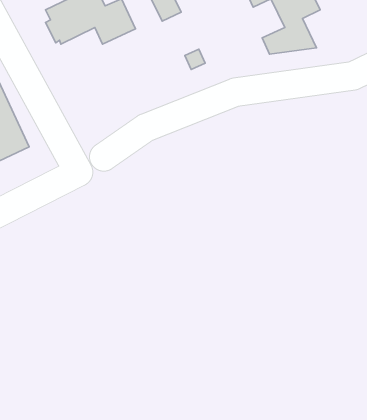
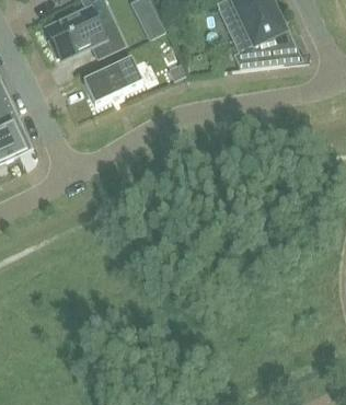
building: none -> [82,56,141,103]

